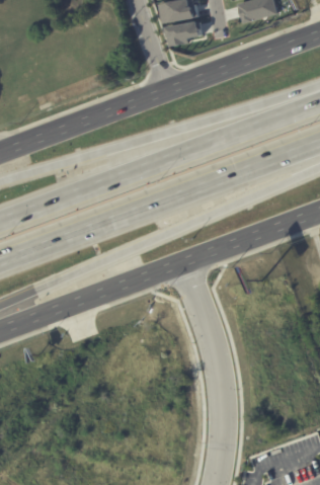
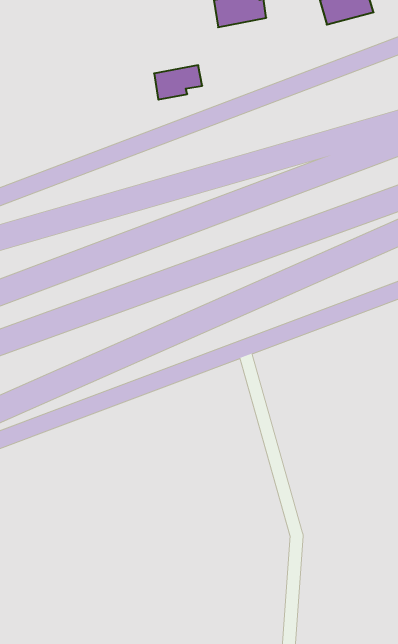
building: [167,17,203,43] -> [154,65,202,100]

